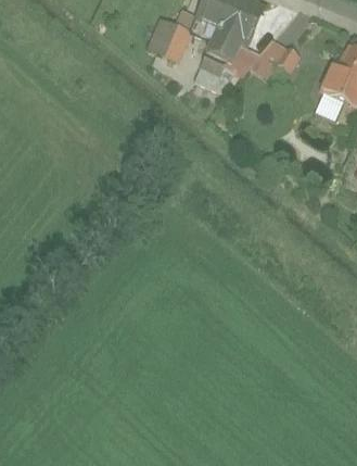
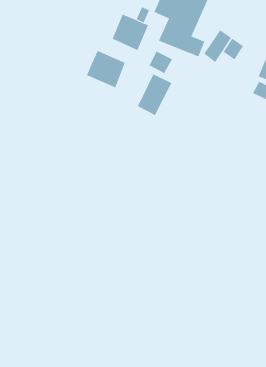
building: none -> [86,50,126,88]
building: none -> [137,73,172,116]

